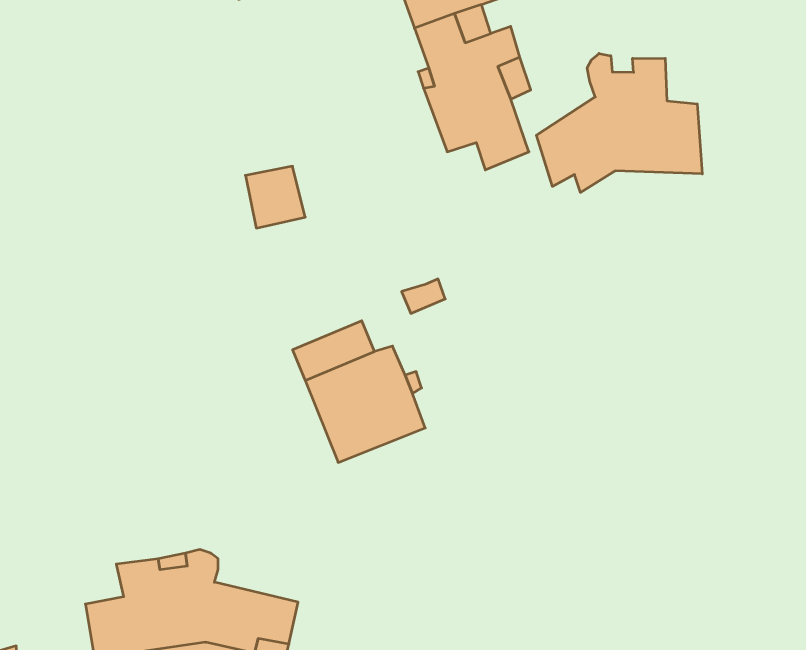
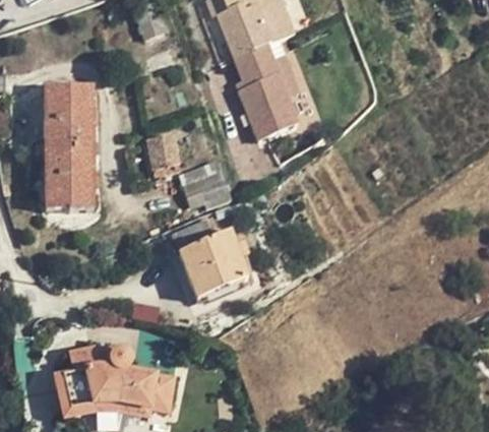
building: [536,53,702,192] -> none
building: none -> [45,86,91,207]
building: none -> [182,160,230,214]

